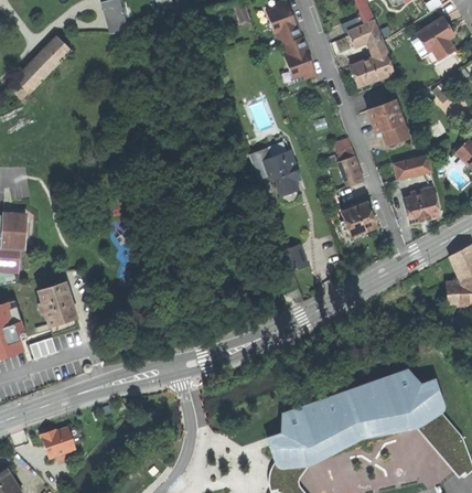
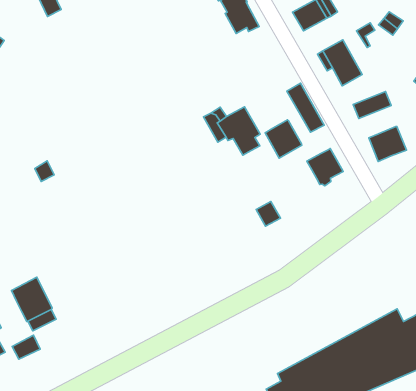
building: none -> [265,120,302,158]

